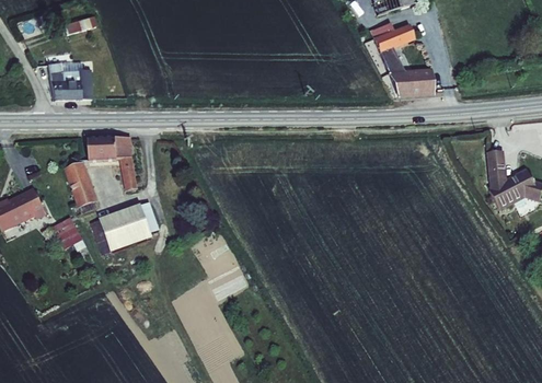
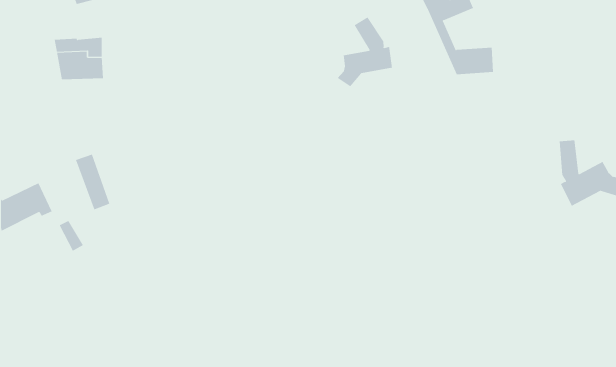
building: none -> [337,17,393,87]
building: [88,136,138,195] -> none
building: [91,201,159,253] -> none

